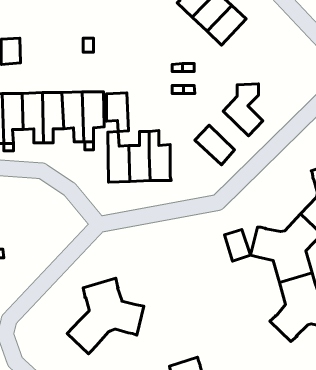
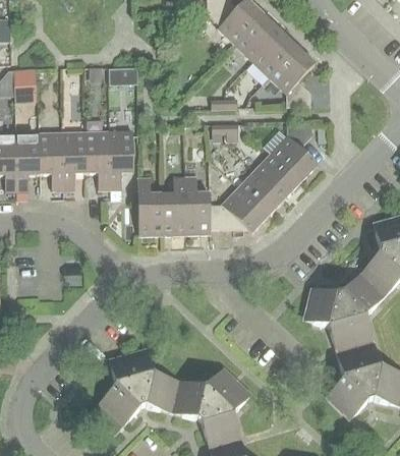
building: none -> [269,46,315,106]
building: [106,93,129,131] -> none
building: none -> [254,153,300,197]
building: none -> [210,186,269,232]
building: [224,229,250,261] -> none
building: none -> [171,366,252,448]

